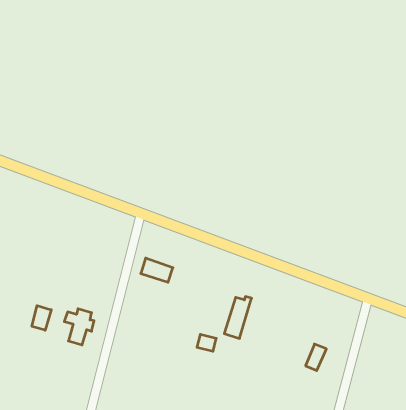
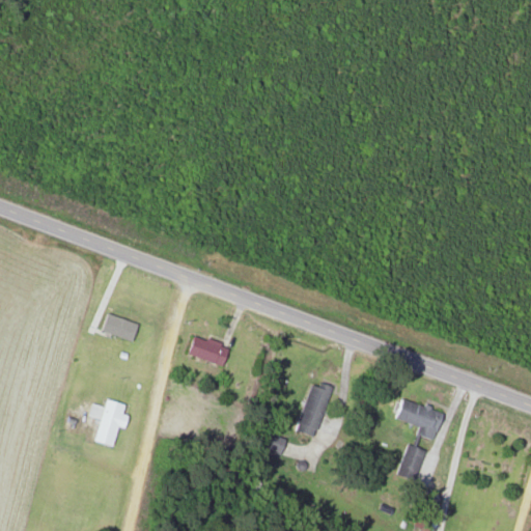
building: none -> [101,313,140,341]
building: [32,306,51,330] -> none
building: none -> [394,397,443,440]

